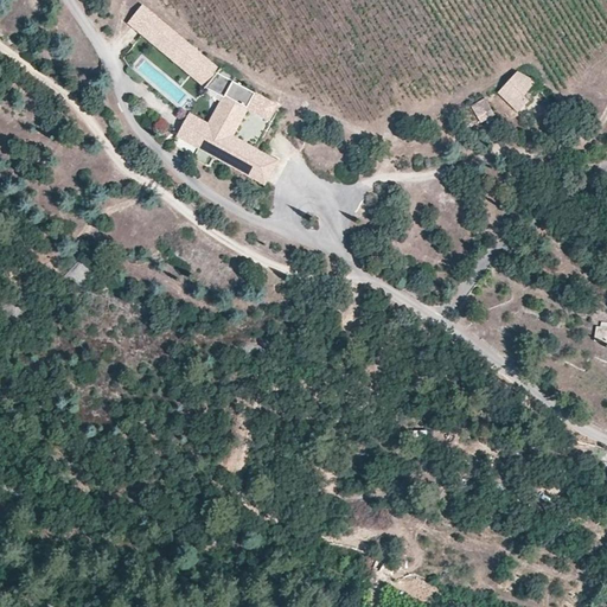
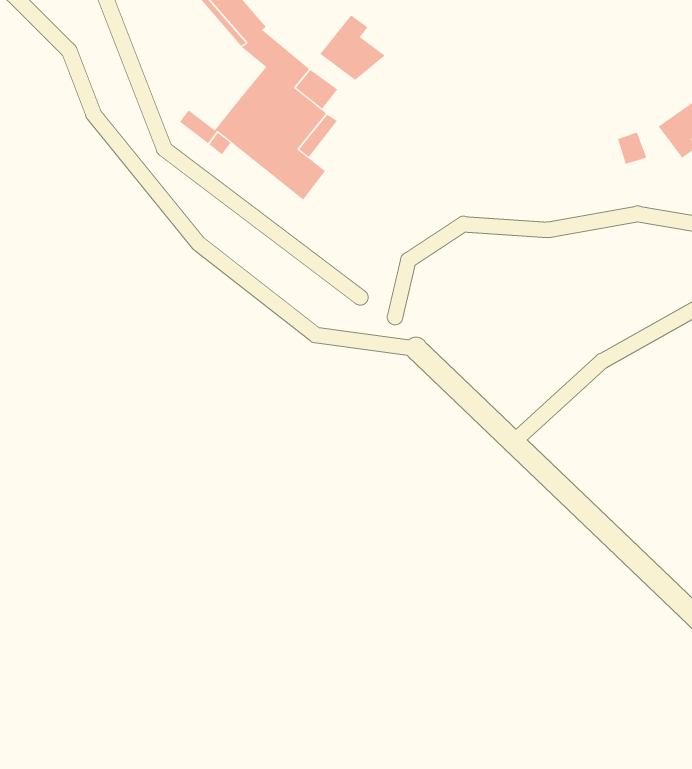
building: none -> [320,14,386,81]
building: [174,111,206,143] -> none

